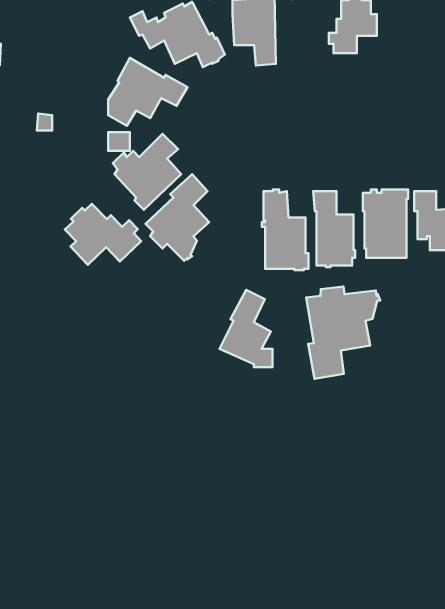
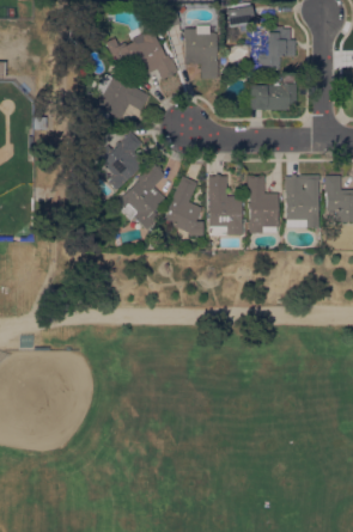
building: none -> [249,82,297,109]
building: [65,204,141,265] -> none
building: [306,286,380,379] -> none
building: [220,290,272,367] -> [163,175,203,234]

